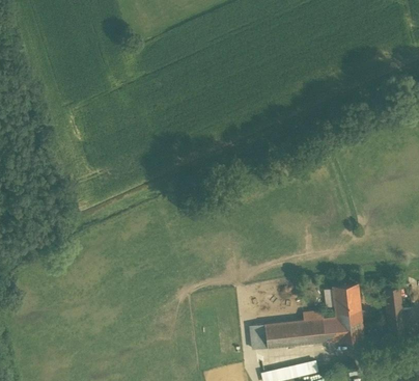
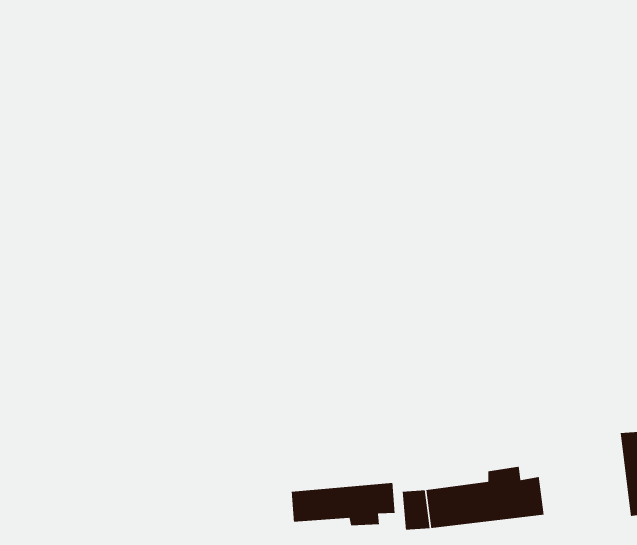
building: [332,283,364,341] -> none
building: none -> [291,482,395,526]

